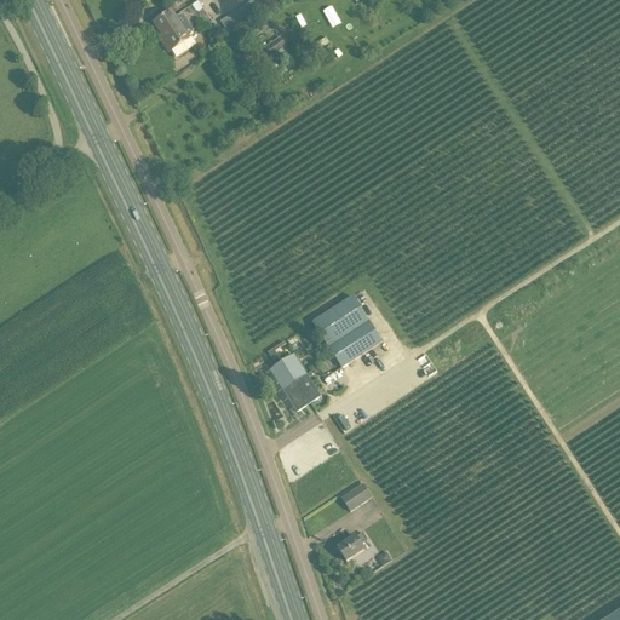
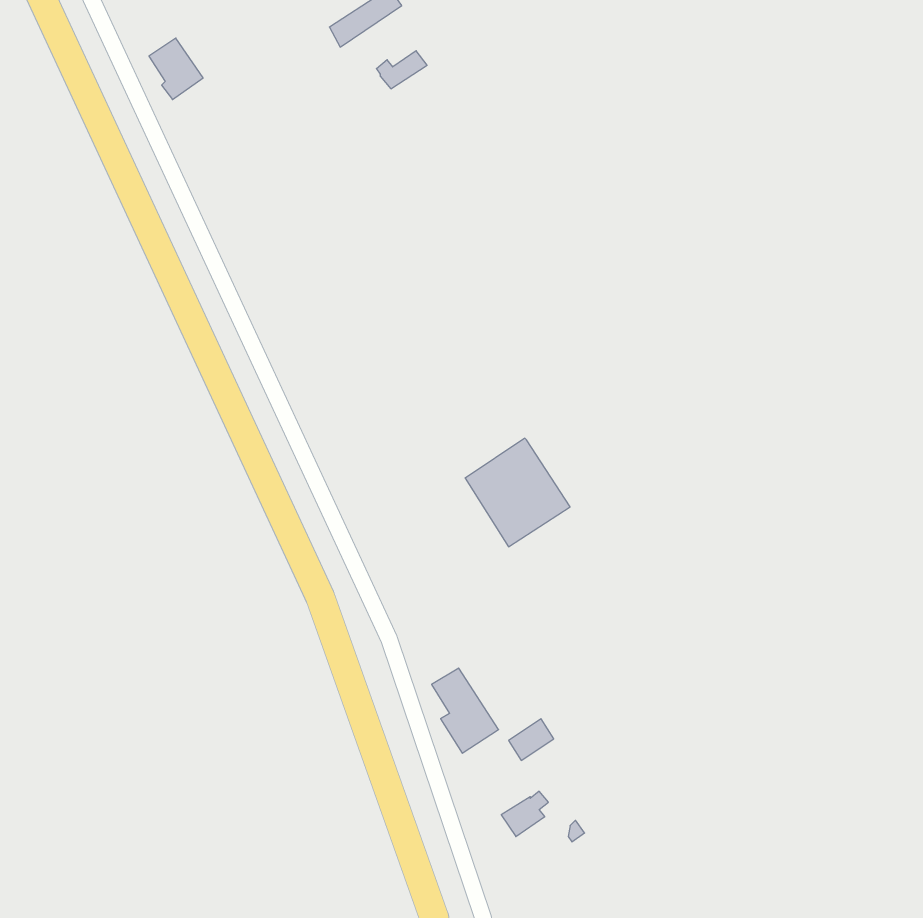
building: [153,8,189,50] -> [149,38,203,100]
building: [275,352,320,409] -> [432,668,499,753]

